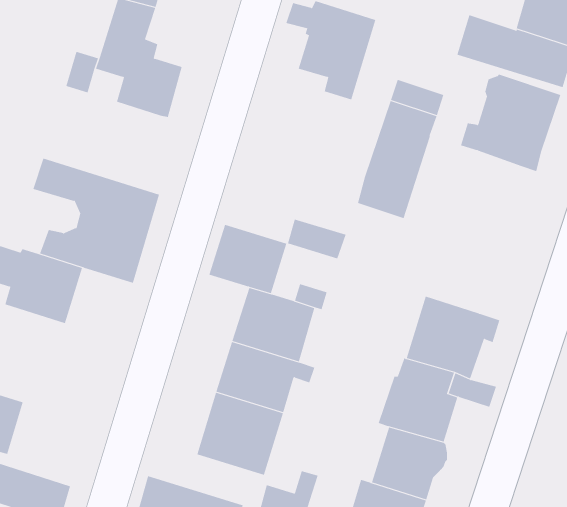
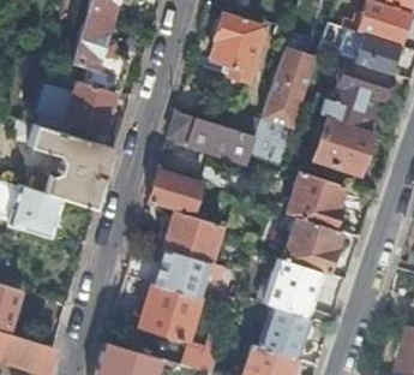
building: none -> [37,81,114,132]
building: none -> [168,109,254,168]
building: none -> [314,115,373,173]
building: none -> [287,171,346,228]

